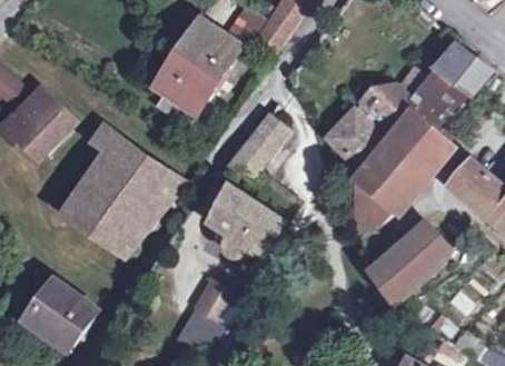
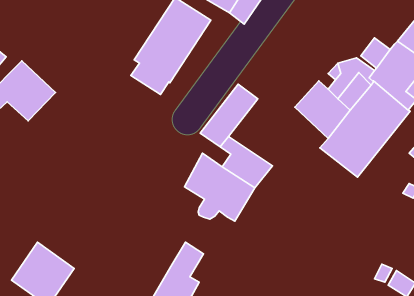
building: [65,122,185,254] -> none
building: [351,181,394,236] -> none
building: [368,227,445,307] -> none

